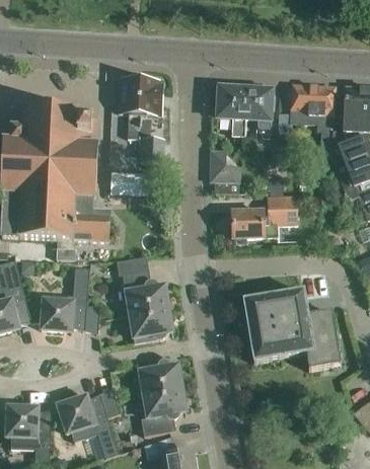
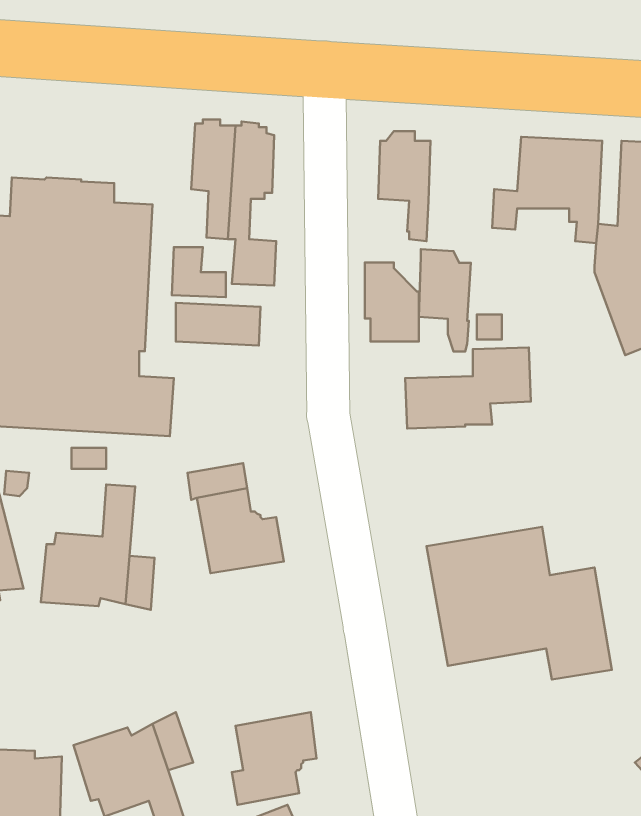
building: [243,83,271,137] -> [419,249,471,352]
building: [129,308,171,342] -> none
building: [138,362,181,394] -> none

